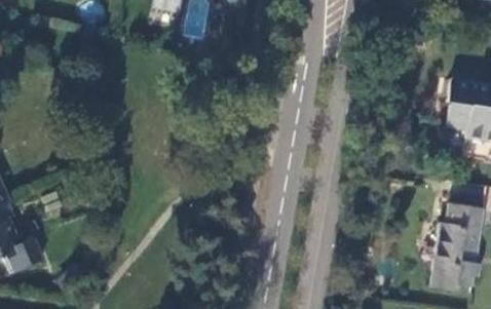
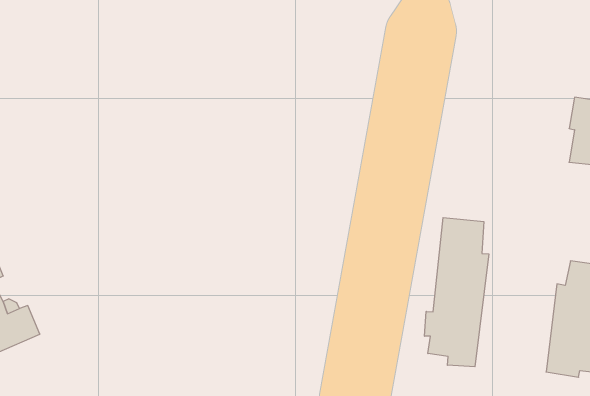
building: none -> [425,218,489,367]

